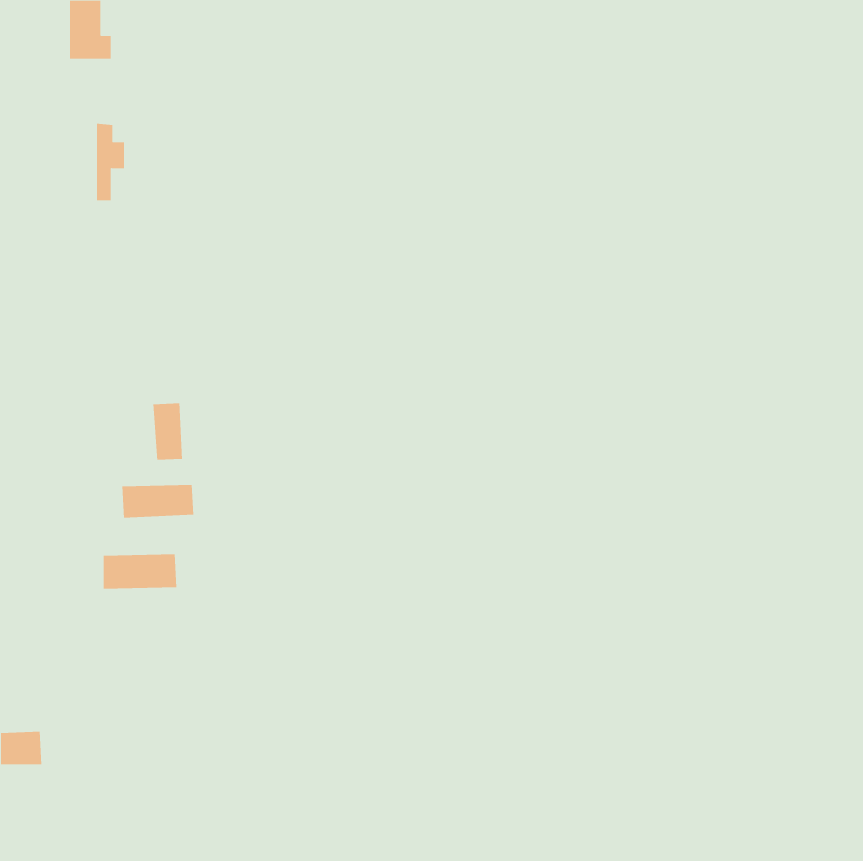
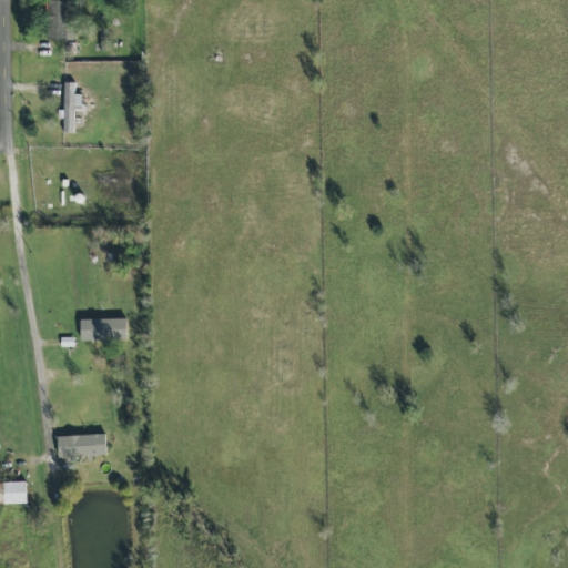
building: [153,403,183,461] -> none
building: [103,554,177,589] -> [59,434,108,457]

